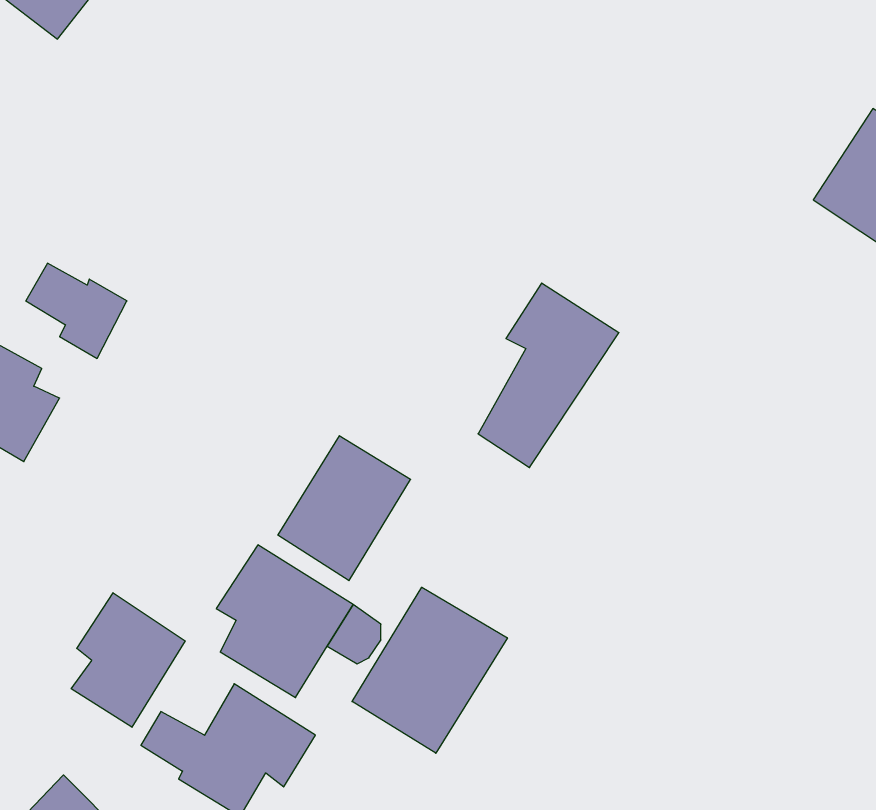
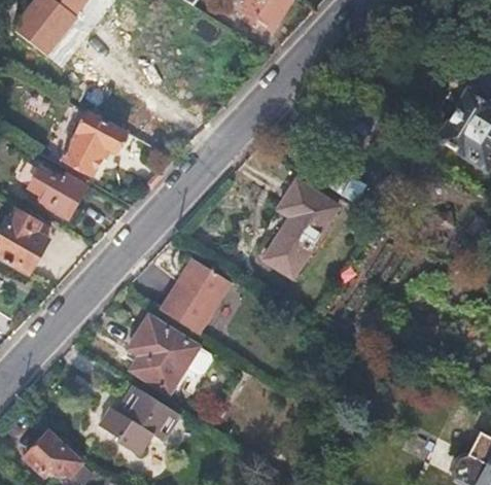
building: none -> [63,111,126,174]
building: [352,587,507,753] -> none
building: [71,593,185,727] -> none

